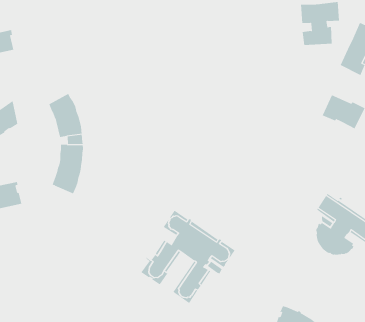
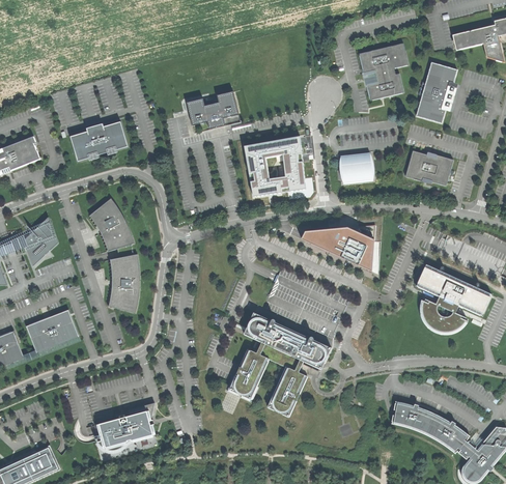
building: none -> [187,91,238,129]
building: none -> [69,121,128,161]
building: none -> [244,136,305,196]
building: none -> [340,154,371,180]
building: none -> [302,225,375,271]
building: none -> [96,402,153,450]

